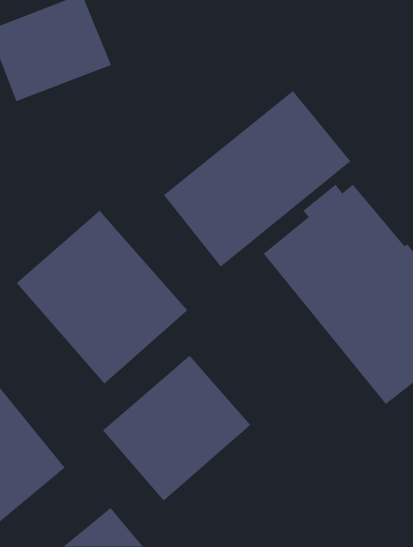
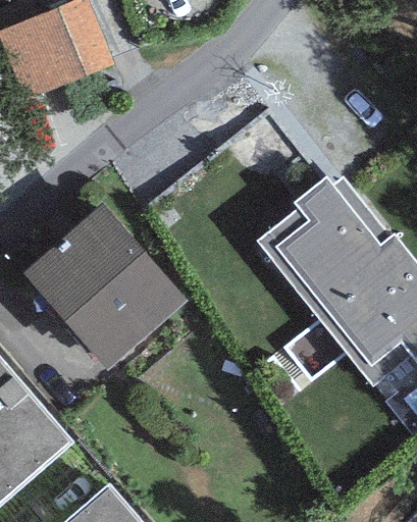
building: [163,90,351,268] -> none
building: [102,355,251,502] -> none

